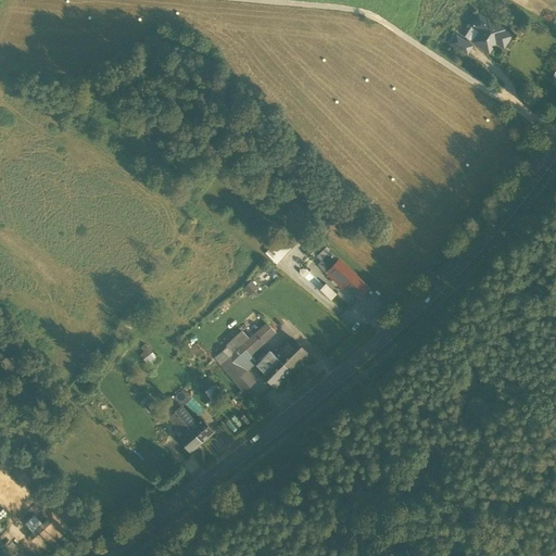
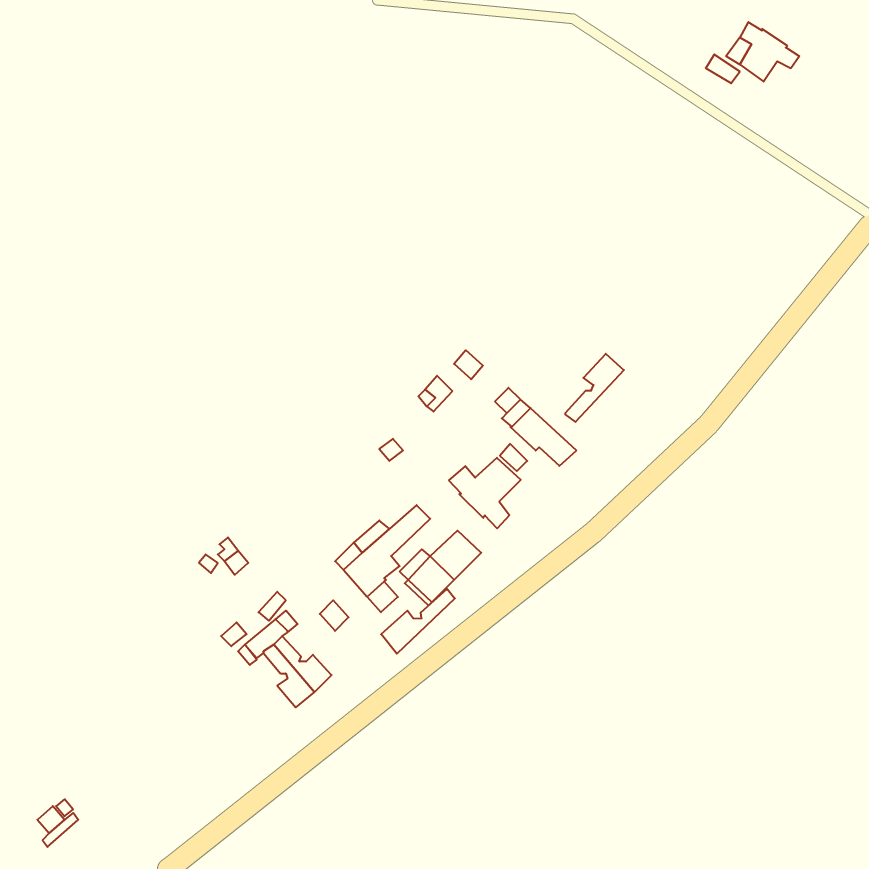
building: none -> [565,354,624,422]
building: none -> [449,458,521,528]
building: none -> [381,589,455,654]

